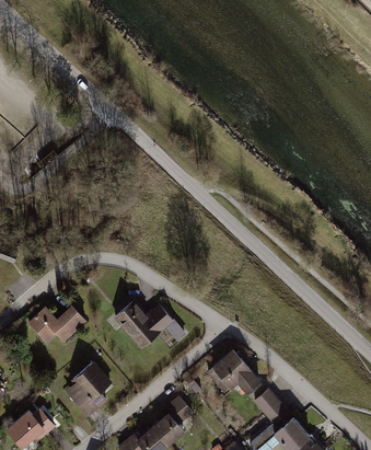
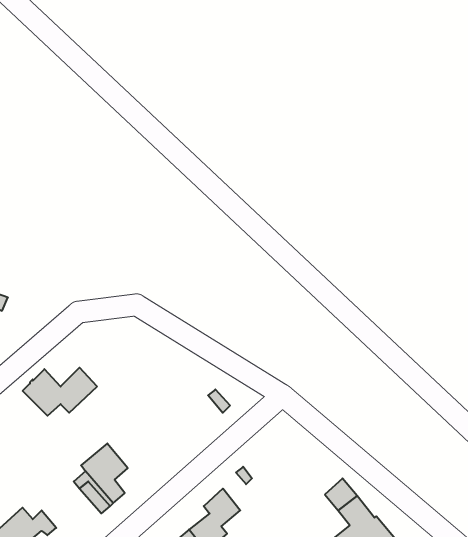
building: [115,302,172,347] -> none
building: [208,351,259,393] -> none

